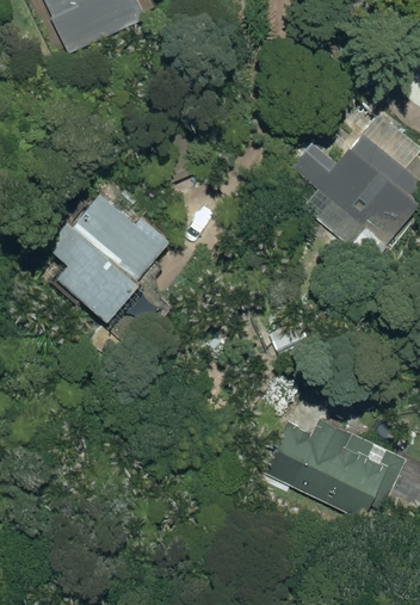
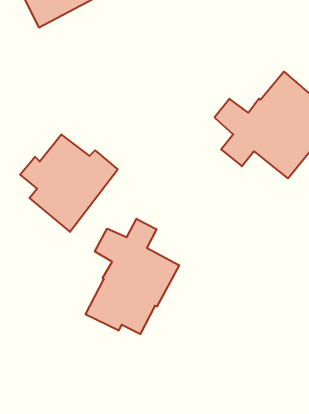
building: none -> [86,219,179,334]
building: [262,413,407,521] -> none

